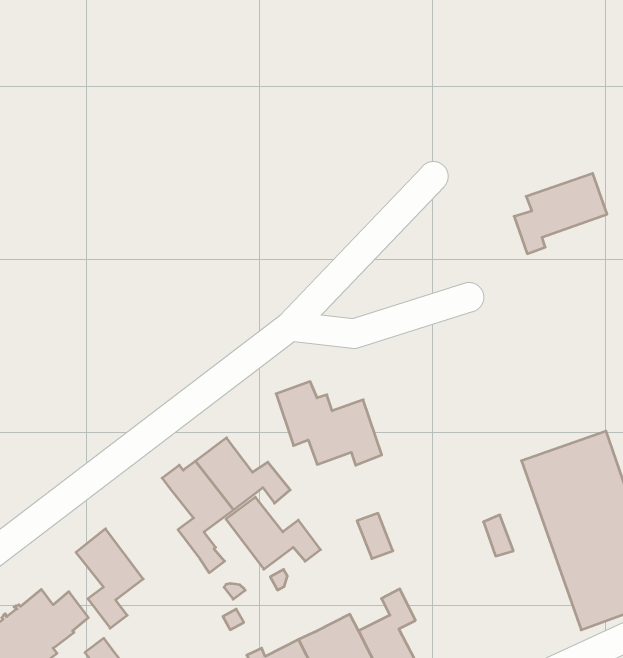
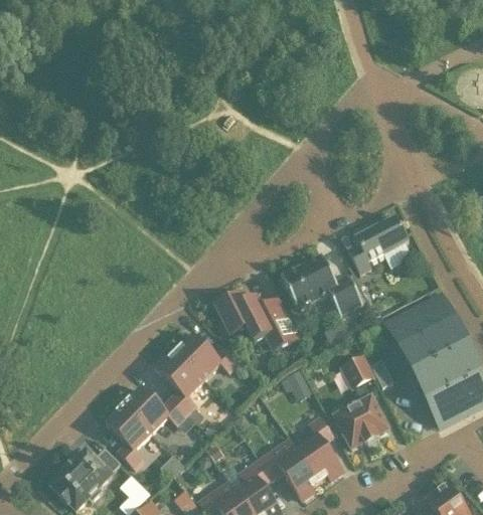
building: [514,173,607,254] -> [348,215,409,274]
building: none -> [282,255,362,315]
building: [226,497,321,569] -> [123,387,187,434]
building: none -> [340,356,372,388]
building: none -> [334,395,389,449]

